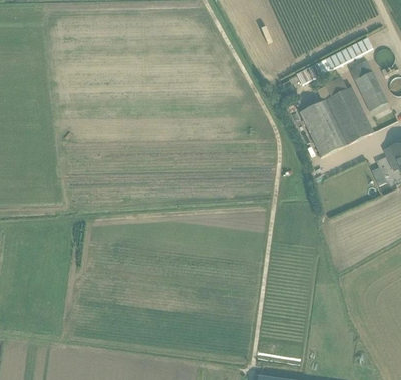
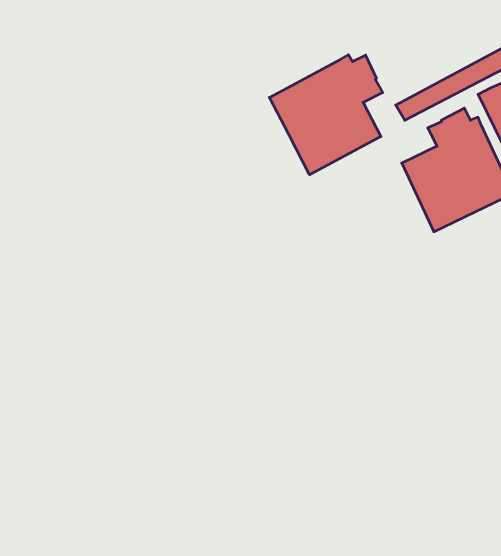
building: none -> [269,55,383,175]

